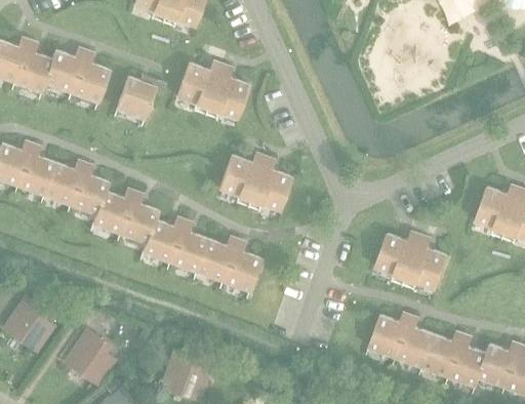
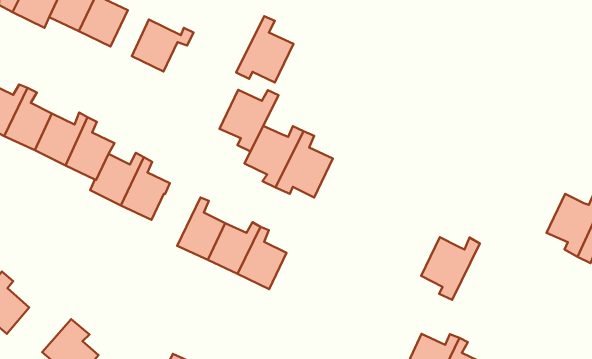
building: [176,62,223,114] -> [219,90,278,151]
building: [142,217,185,262] -> none
building: [402,236,447,290] -> none

